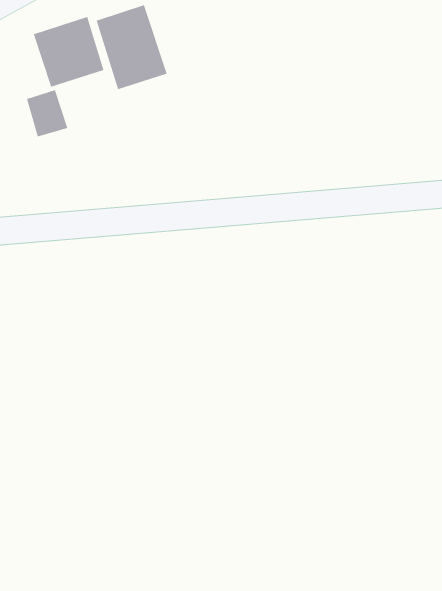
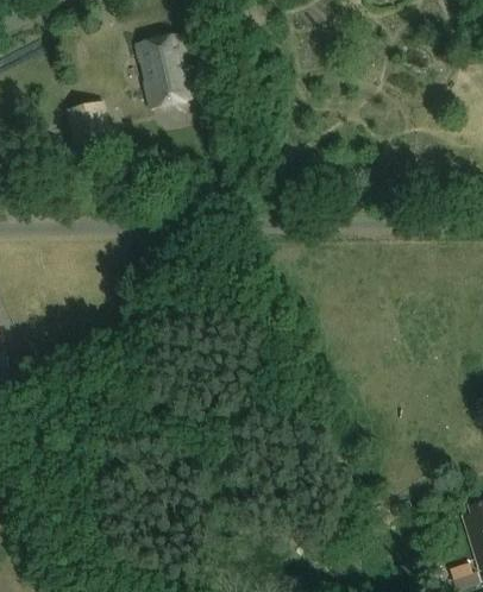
building: [33,16,104,87] -> none

